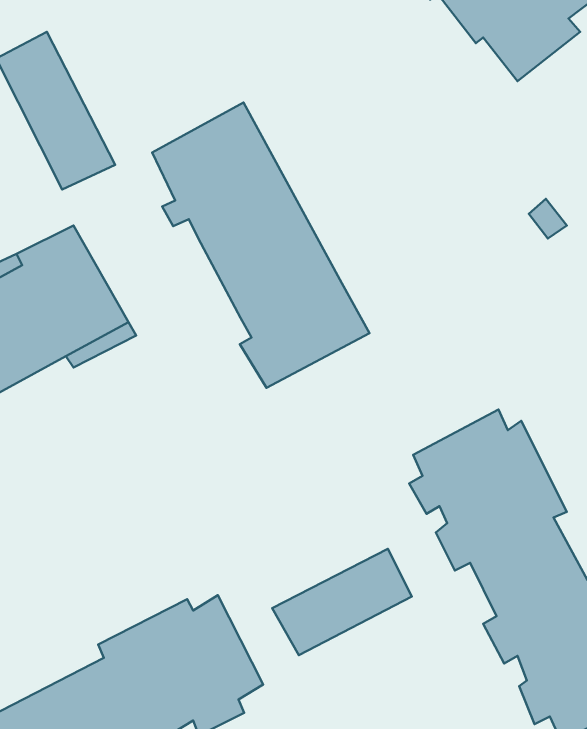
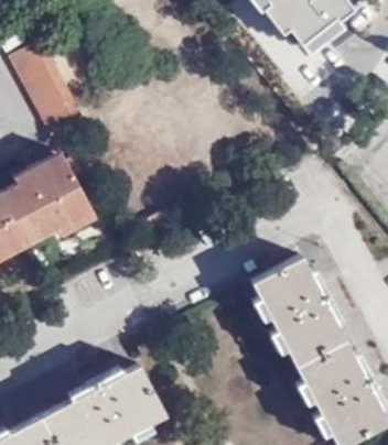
building: [152,103,369,388] -> none
building: [272,549,412,655] -> none

